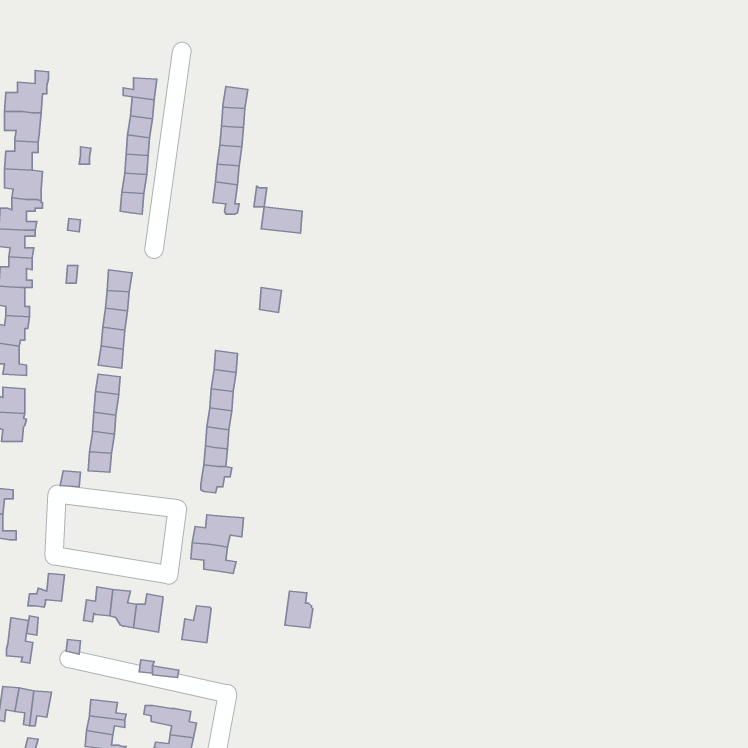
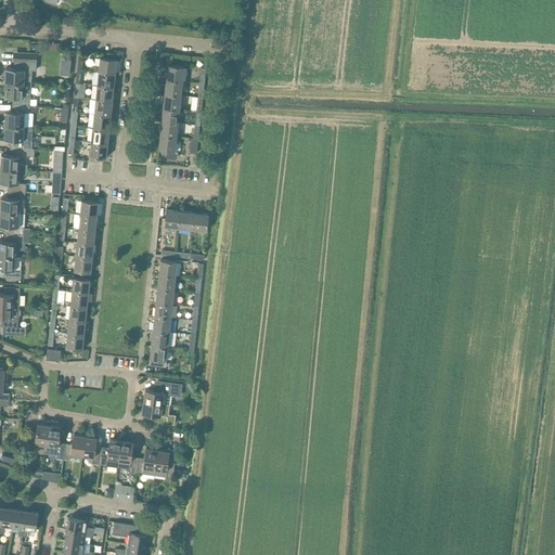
building: [261,207,302,233] -> [163,210,193,230]
building: [285,591,313,628] -> [153,451,173,478]
building: none -> [117,442,137,476]
building: [6,618,33,663] -> [44,426,64,460]

